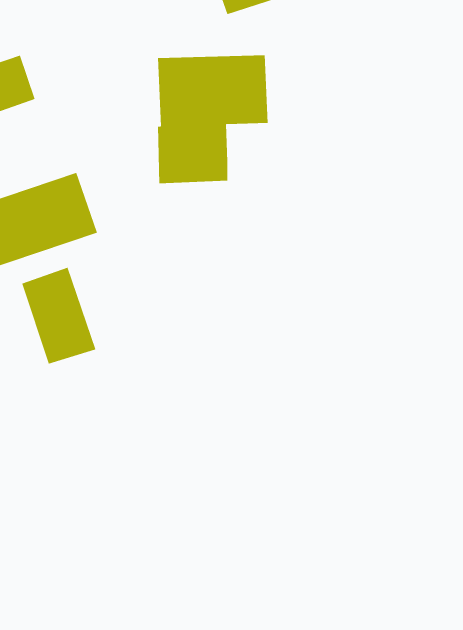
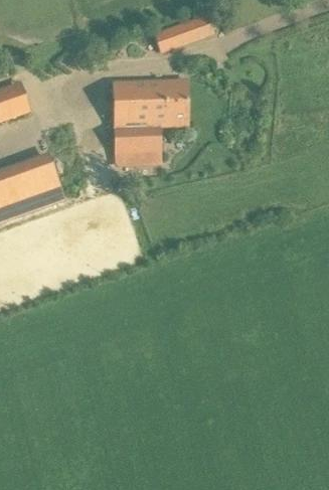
building: [21,267,96,365] -> none

